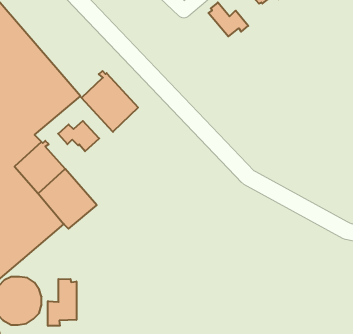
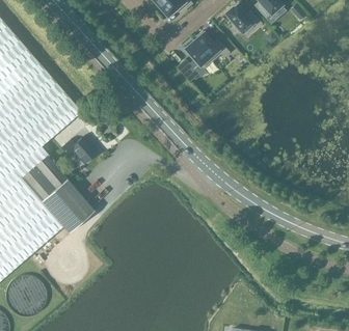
building: none -> [184,39,211,76]
building: [81,71,138,132] -> none
building: [48,279,76,326] -> none

